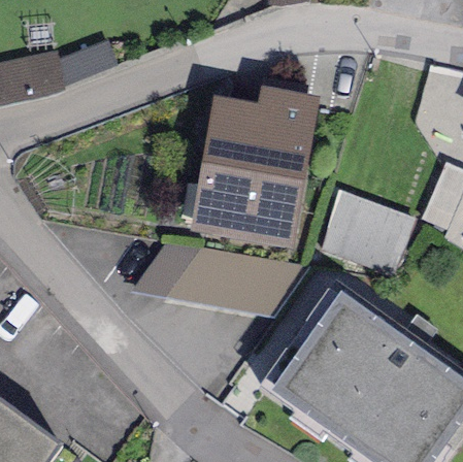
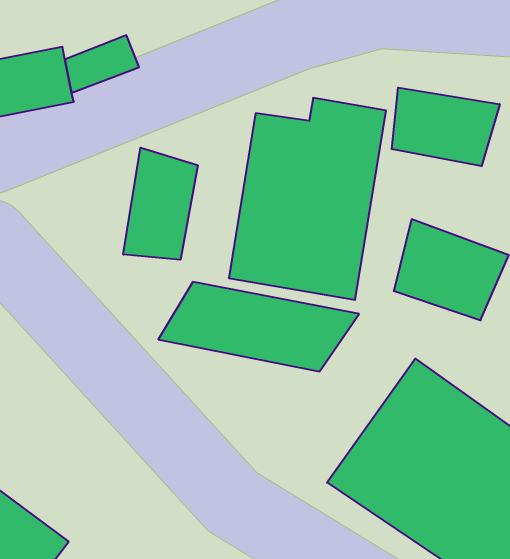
building: none -> [392,88,500,166]
building: none -> [123,148,198,260]

